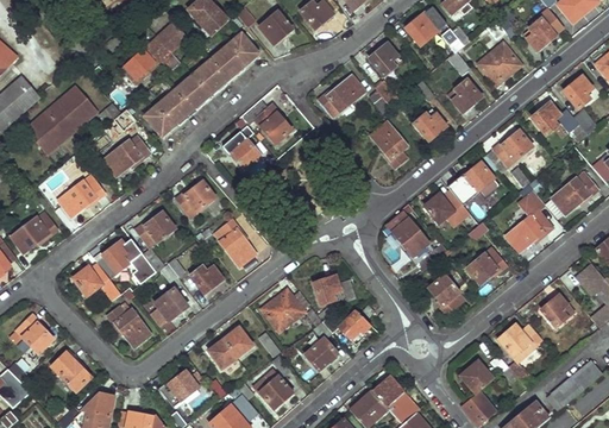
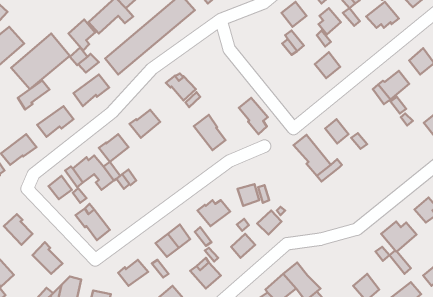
building: none -> [68,19,95,50]
building: [320,74,366,117] -> none
building: [452,78,481,112] -> [319,8,341,34]
building: [245,100,291,143] -> none
building: [370,121,407,168] -> [239,98,268,134]
building: none -> [18,80,50,110]
building: [456,163,495,194] -> none
building: [507,216,552,252] -> none
building: [215,221,256,266] -> [194,115,226,150]
building: [467,248,507,285] -> none
building: [189,264,222,292] -> none
building: [426,273,464,316] -> none
building: [158,288,188,320] -> none
building: [460,360,492,394] -> none

